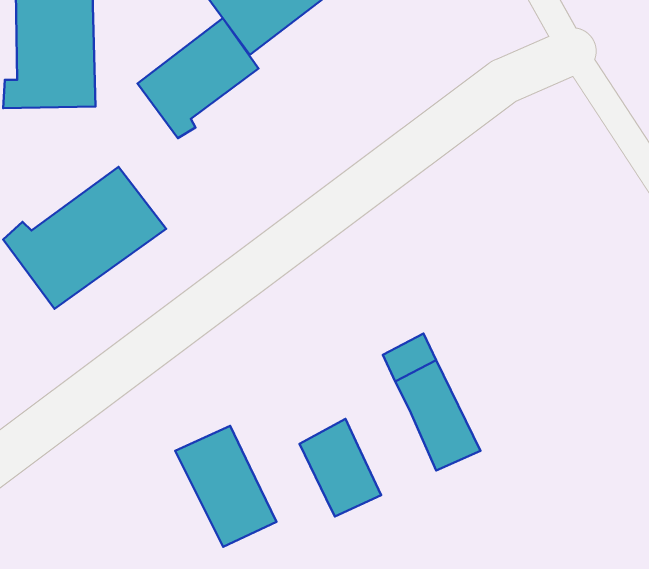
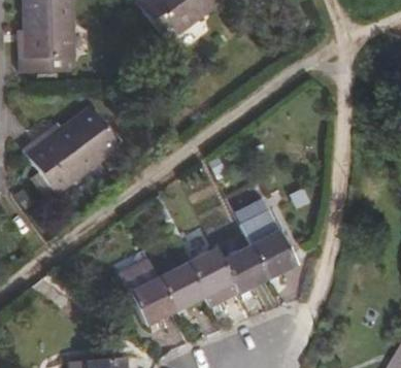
building: [138,18,259,138] -> none
building: none -> [226,247,271,297]
building: none -> [163,267,207,312]

